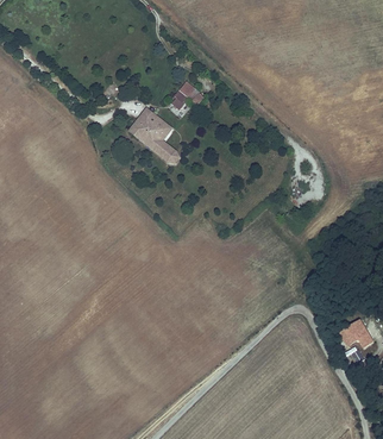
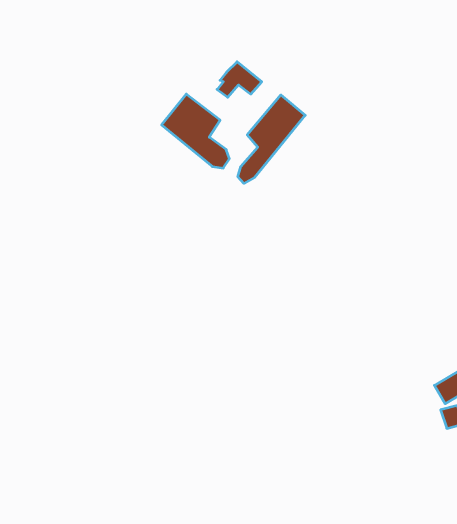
building: none -> [238,95,305,183]

